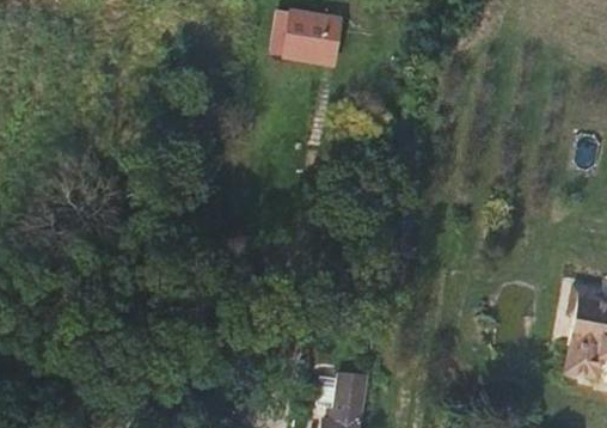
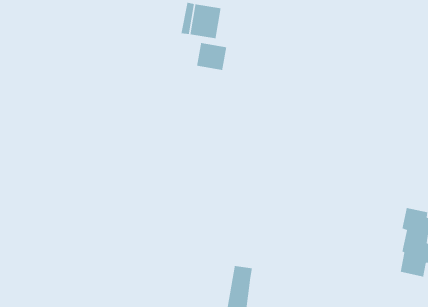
building: none -> [196,42,227,71]

